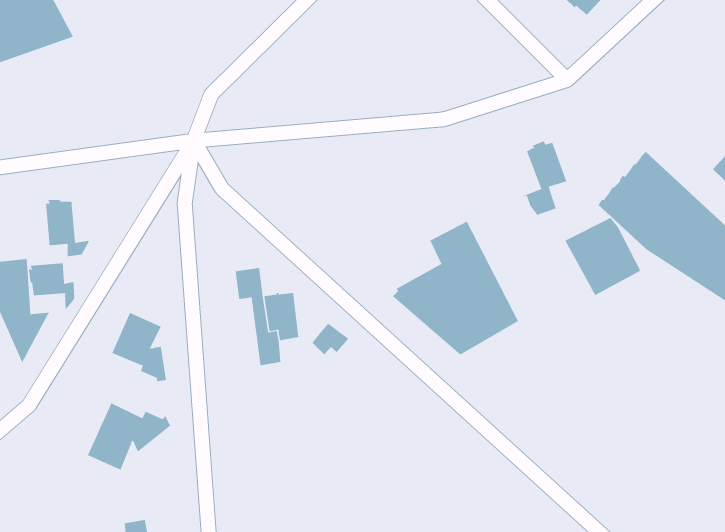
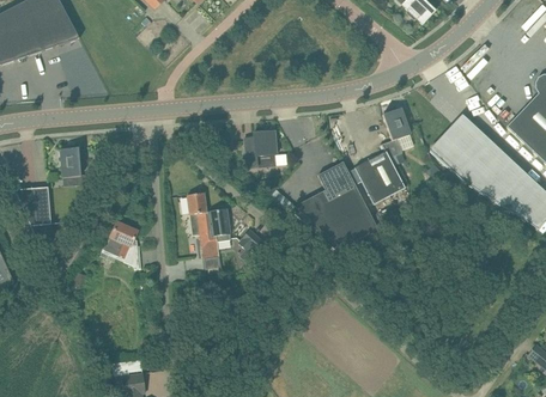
building: none -> [244,128,277,167]
building: [564,217,641,296] -> [353,151,405,203]
building: [28,263,76,310] -> none
building: [87,402,171,470] -> none

